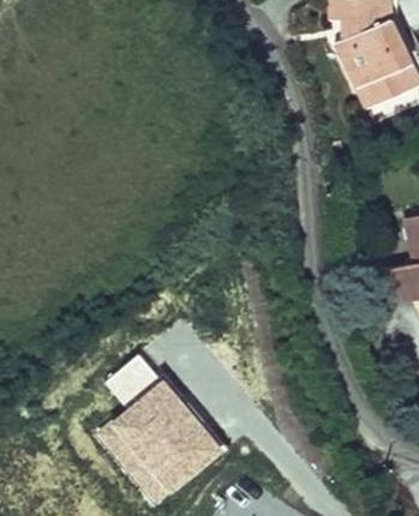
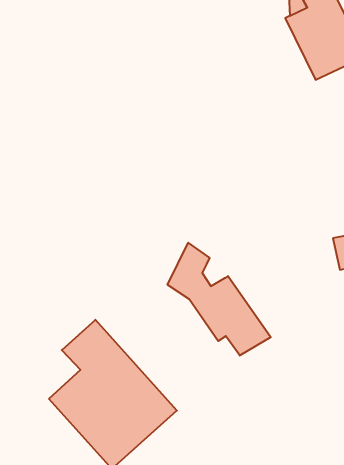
building: none -> [168,243,271,356]

